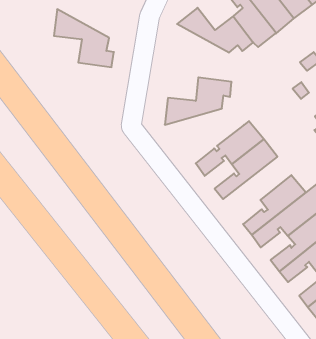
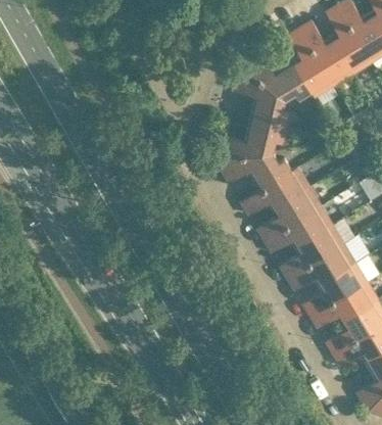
building: [54,9,114,67] -> [233,65,289,128]
building: none -> [216,152,292,188]
building: none -> [264,205,332,252]

